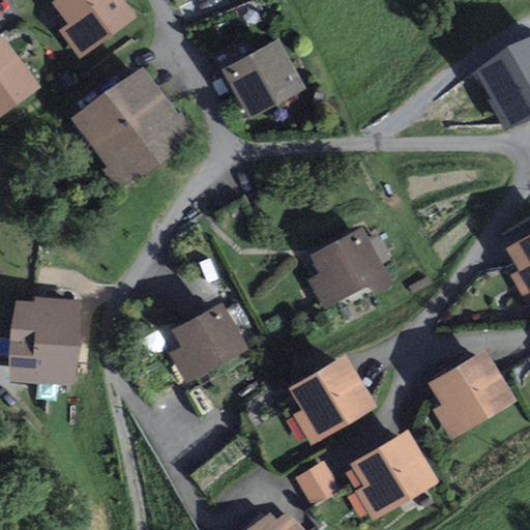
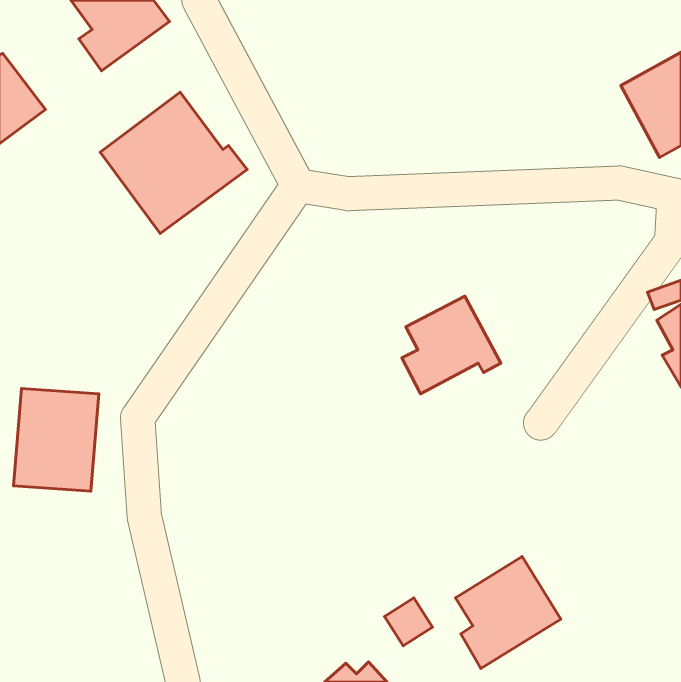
building: [224,40,301,116] -> none
building: [173,306,242,378] -> none
building: [435,353,512,436] -> none
building: [294,358,372,441] -> none

